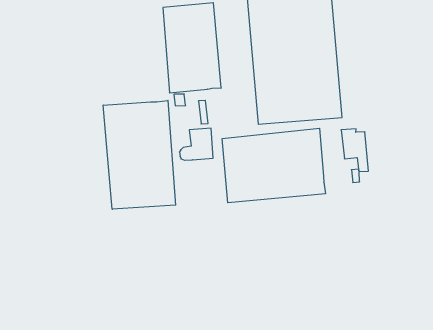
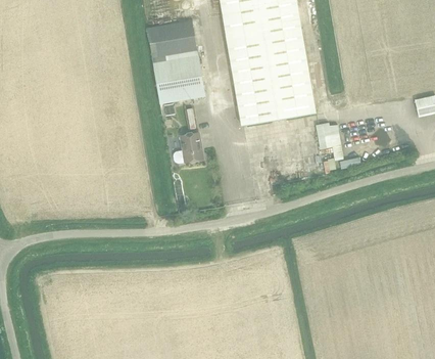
building: [103,100,176,209] -> none
building: [222,128,325,203] -> none

